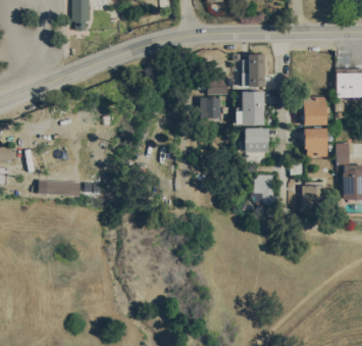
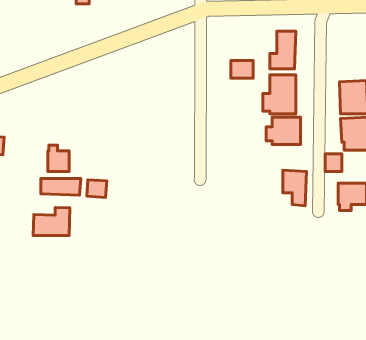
building: [200,98,220,121] -> none
building: none -> [48,145,69,171]
building: none -> [33,207,70,236]

